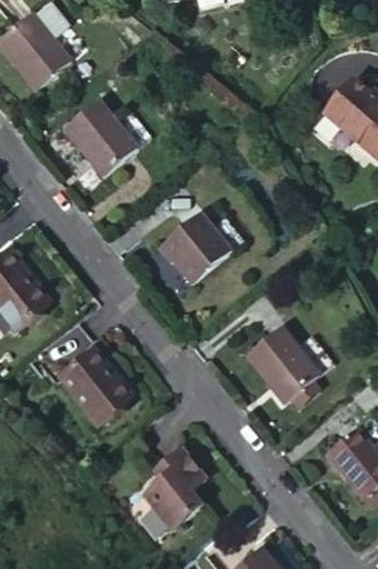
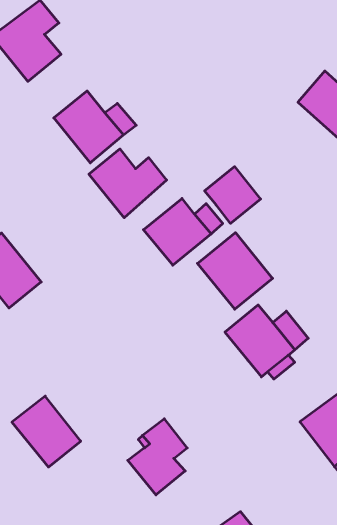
building: none -> [89,149,167,218]
building: none -> [205,167,261,223]
building: none -> [197,233,273,309]
building: [59,349,132,425] -> [12,396,81,467]

